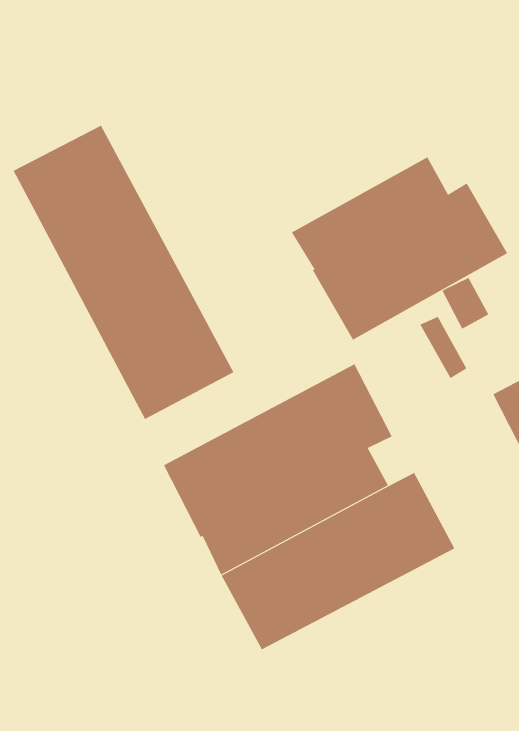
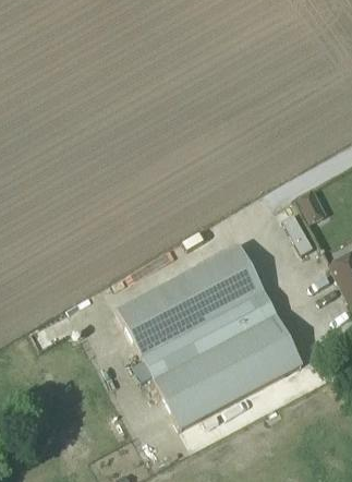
building: [13,125,234,420] -> none
building: [291,156,508,340] -> none

